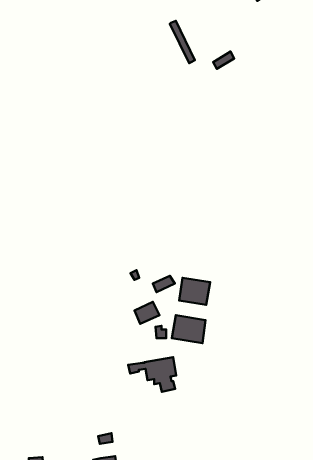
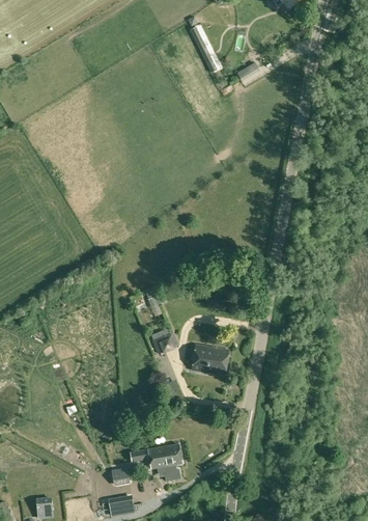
building: [179,278,210,305] -> none
building: [128,357,176,392] -> [131,443,182,481]

